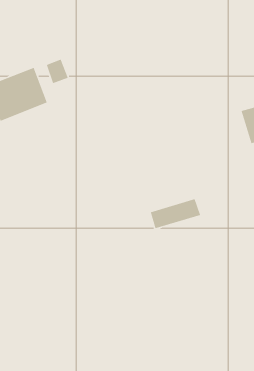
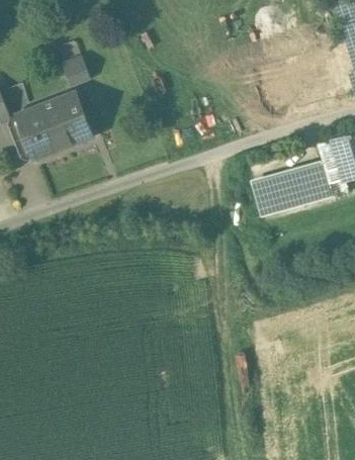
building: [46,58,69,84] -> [63,56,90,86]
building: [150,198,201,229] -> [265,168,326,204]

